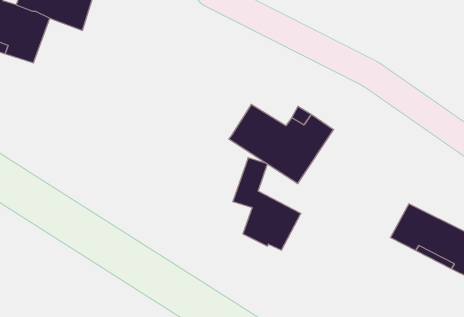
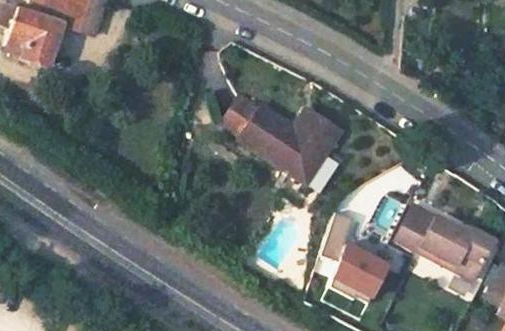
building: none -> [221,95,260,137]
building: [233,158,301,250] -> [321,209,388,300]

